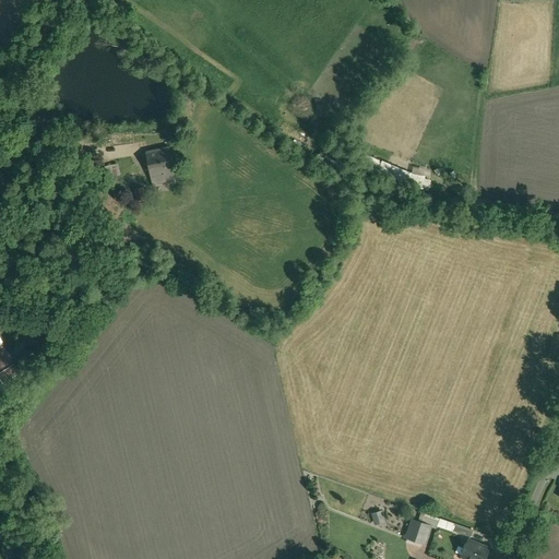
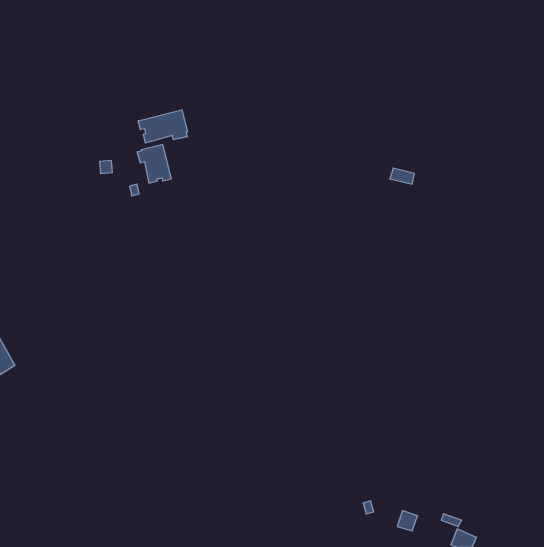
building: none -> [138,110,187,143]

